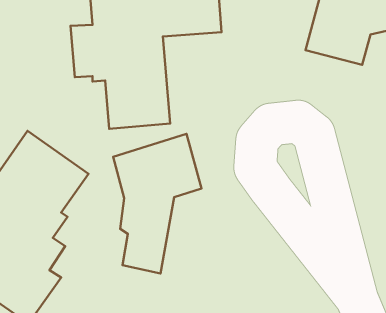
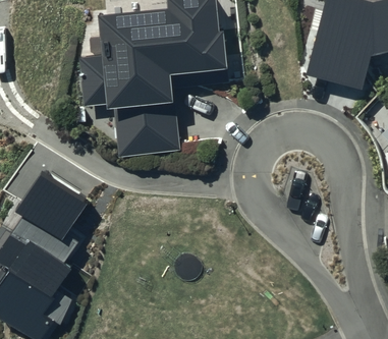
building: [113,134,201,274] -> none

